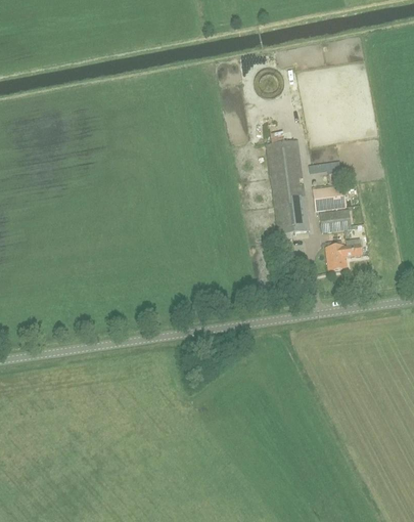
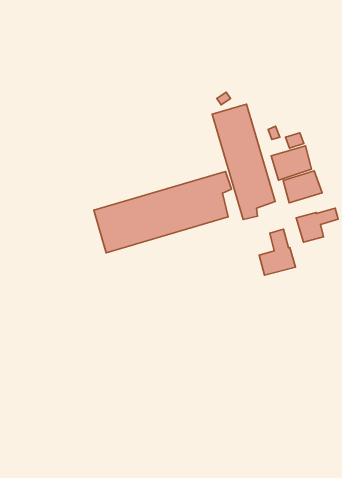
building: none -> [94,172,232,253]
building: none -> [259,229,295,275]

